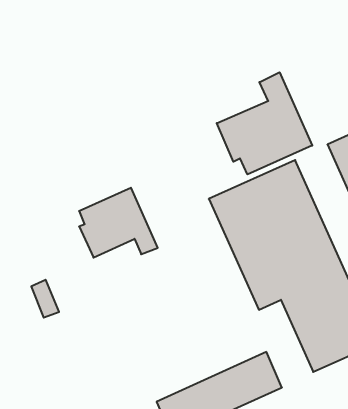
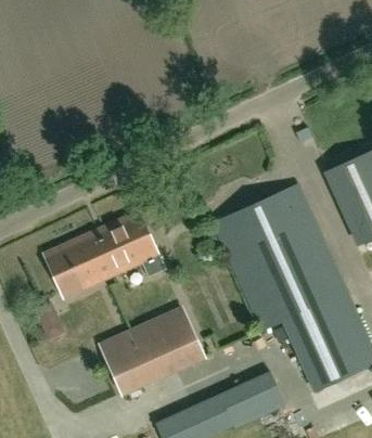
building: [217,72,312,174] -> none
building: none -> [42,233,100,295]
building: none -> [97,305,204,398]

